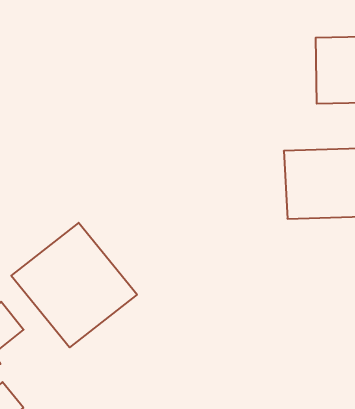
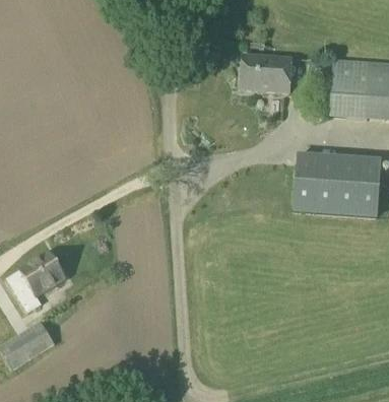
building: none -> [240,53,291,90]
building: [11,223,137,347] -> none

